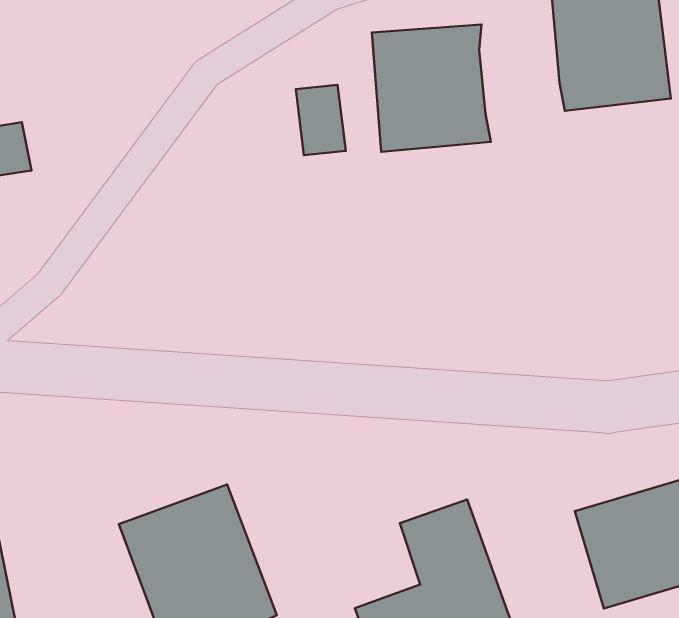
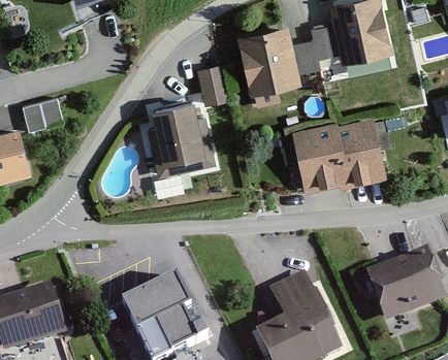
building: none -> [290,23,333,71]
building: none -> [143,101,210,172]
building: none -> [289,117,382,191]

